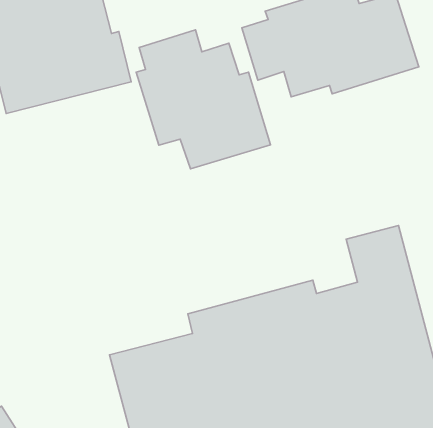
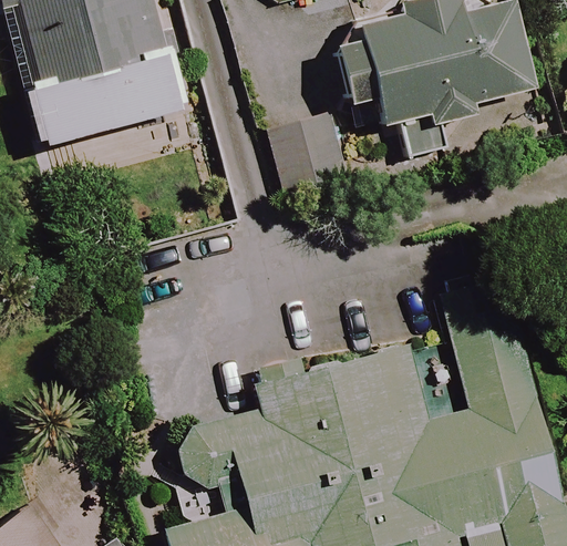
building: [136,30,270,169] -> none

